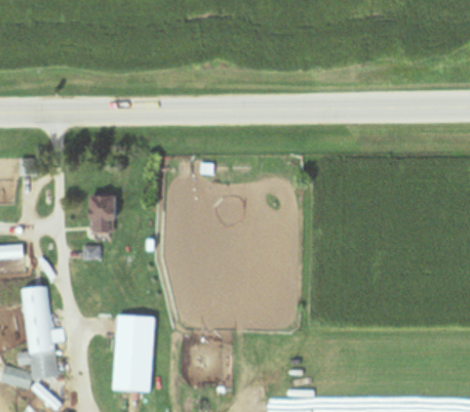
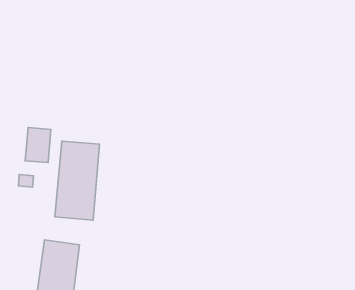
building: none -> [55,141,100,220]

